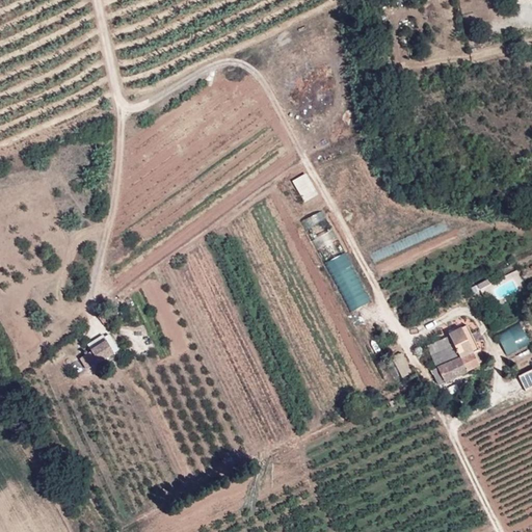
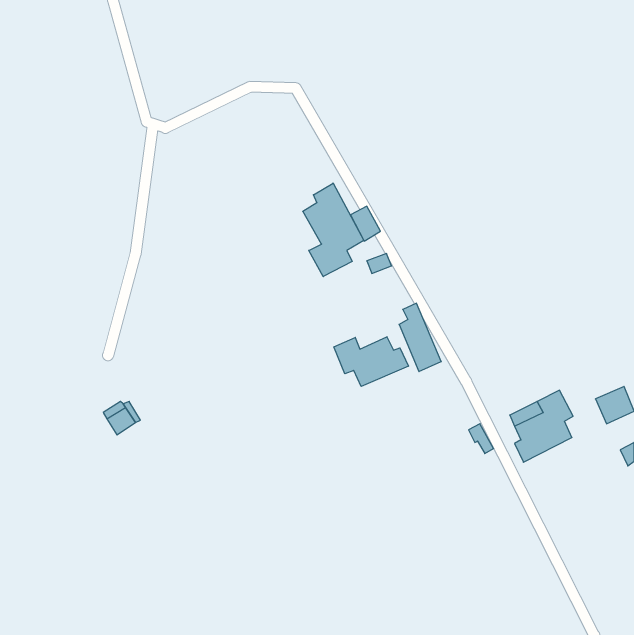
building: none -> [303,183,364,277]
building: none -> [334,337,408,386]

